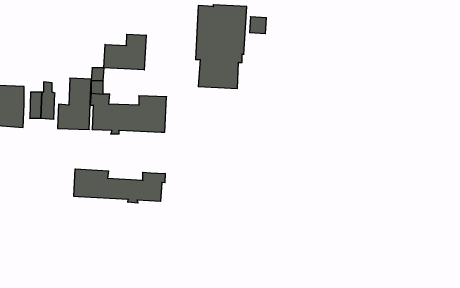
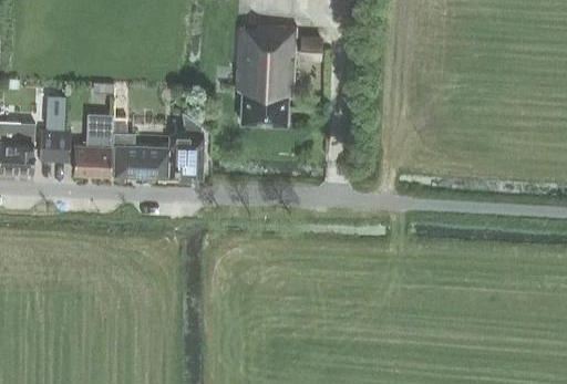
building: [104,34,146,70] -> none
building: [74,169,165,203] -> none

